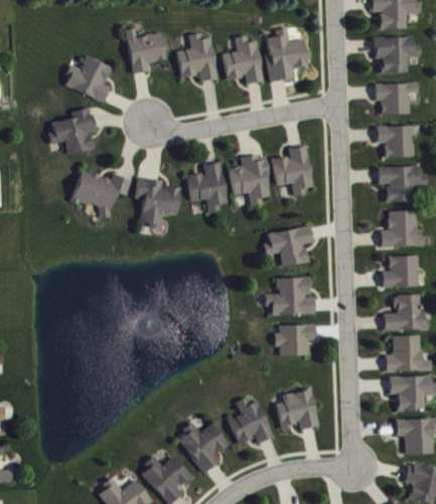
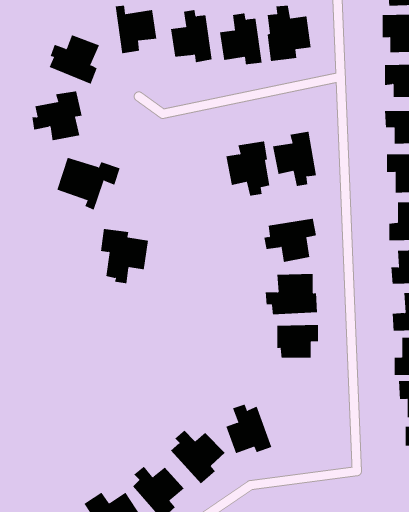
building: [186,161,228,212] -> none
building: [135,177,180,228] -> [100,228,149,284]
building: [276,389,317,429] -> none

